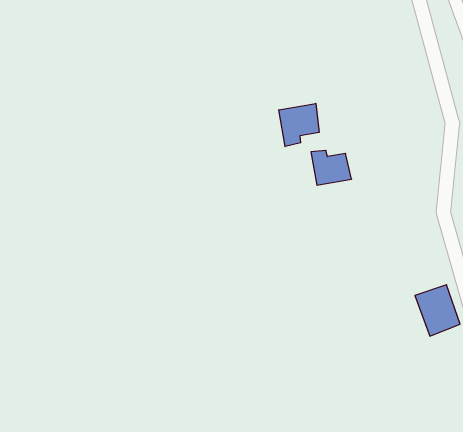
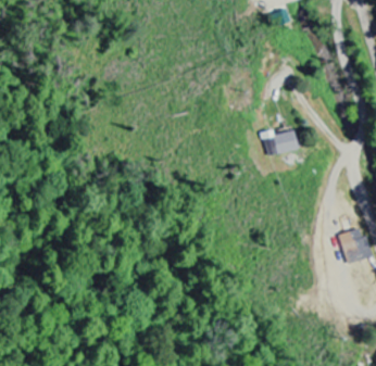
building: [279,103,319,147] -> none

